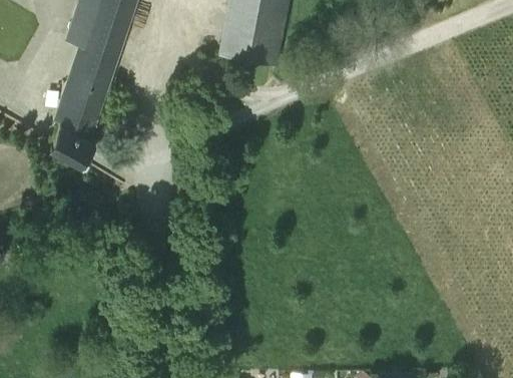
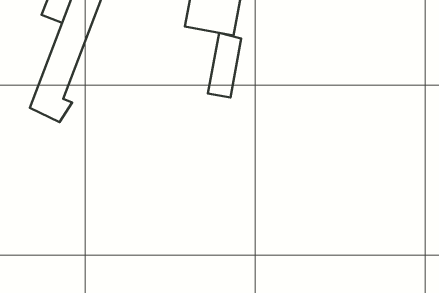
building: none -> [208,33,241,97]

